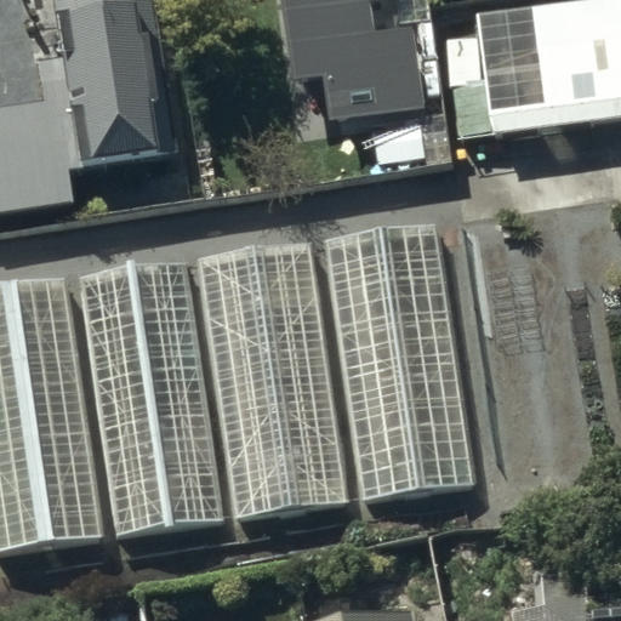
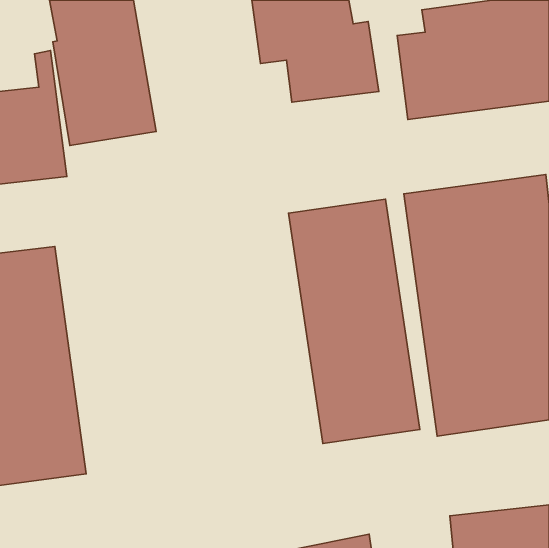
building: [196,244,344,519] -> none
building: [78,263,222,537] -> none

